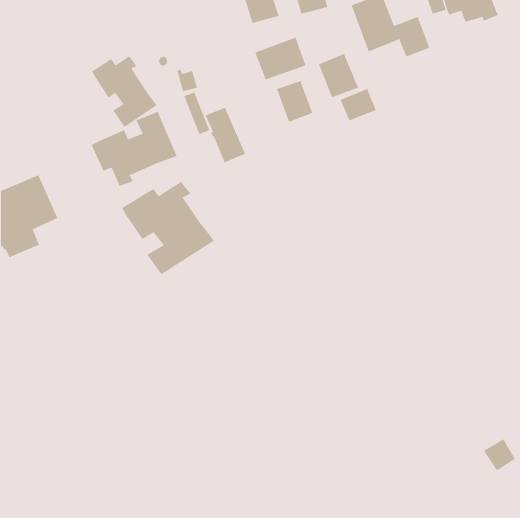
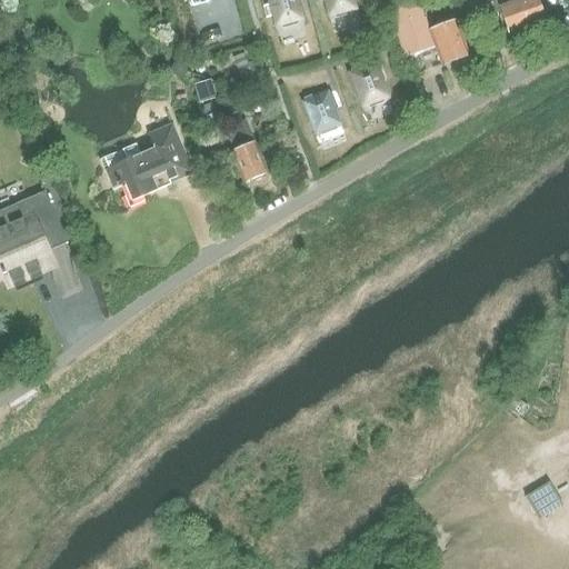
building: [254,37,306,80] -> none
building: [91,55,157,128] -> none
building: [340,88,376,121] -> none
building: [121,181,215,275] -> none

